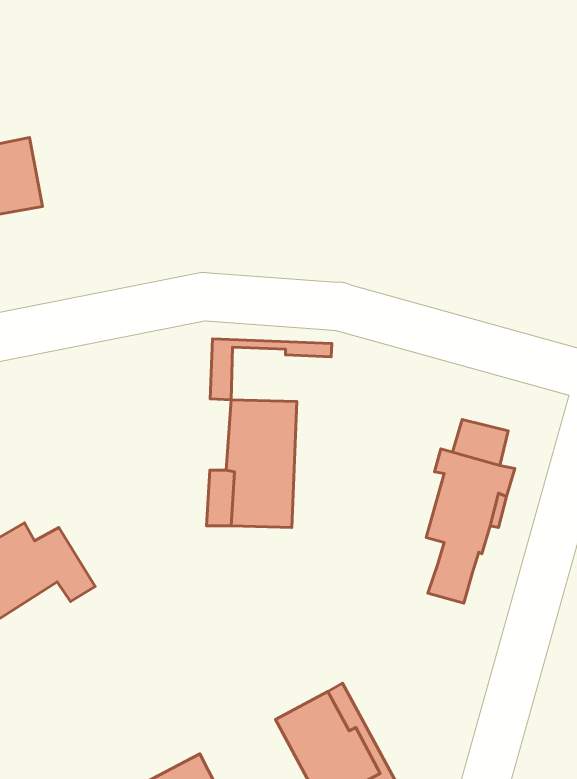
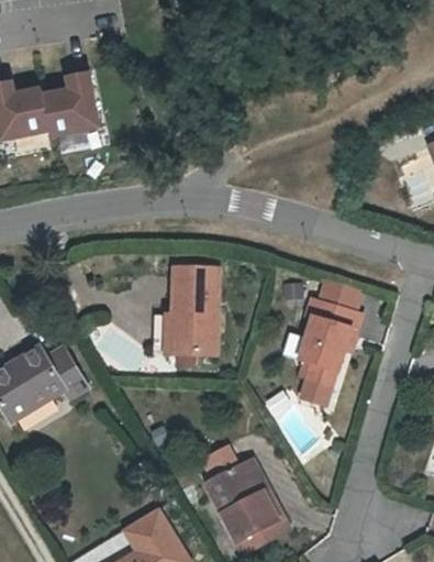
building: none -> [43,76,102,144]
building: [210,339,332,400] -> none

